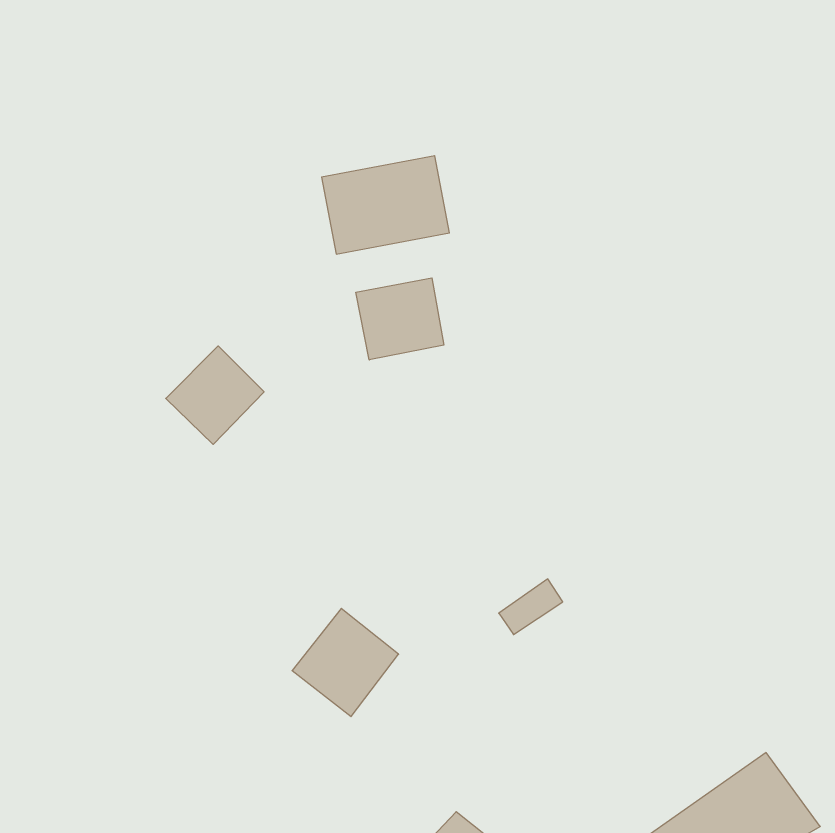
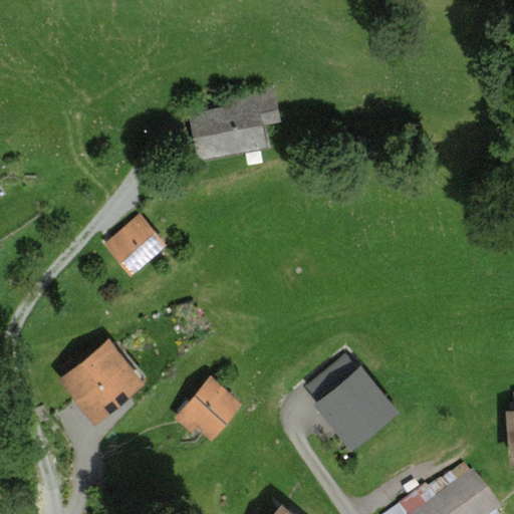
building: [356,278,444,360] -> none
building: none -> [57,340,139,423]
building: none -> [311,362,397,447]

